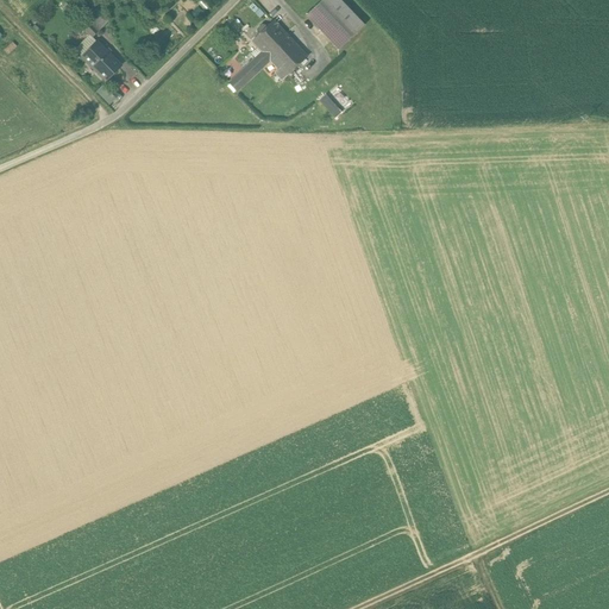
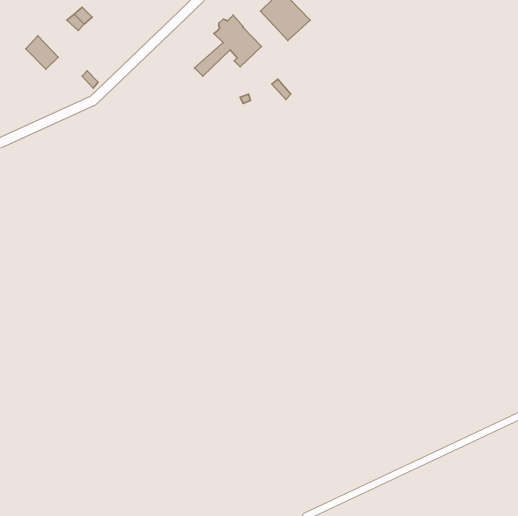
building: [82,39,120,79] -> [26,36,58,69]

